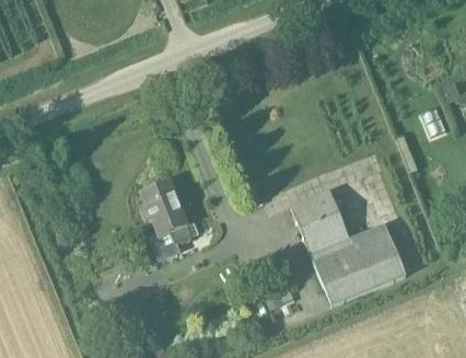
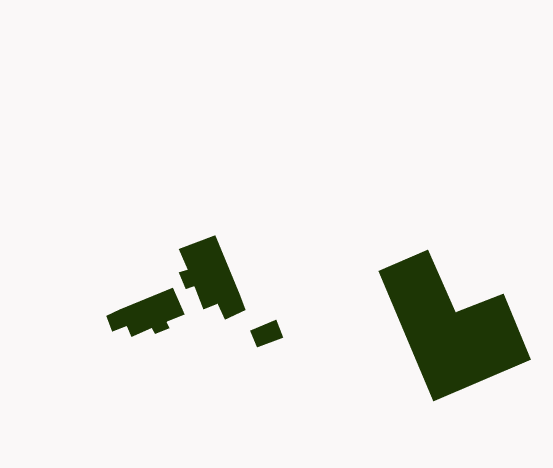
building: none -> [106,287,186,338]

